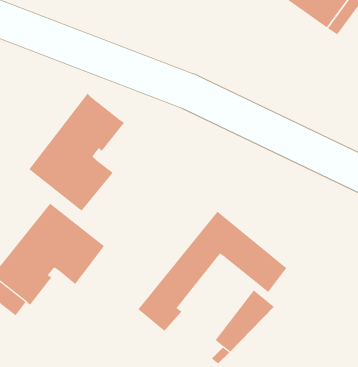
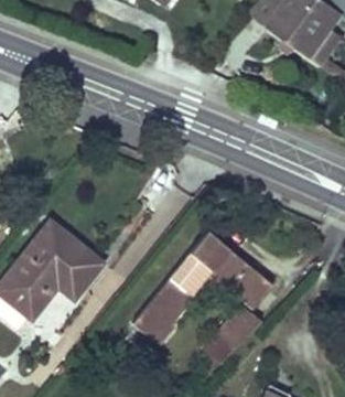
building: [29,93,125,212] -> none

